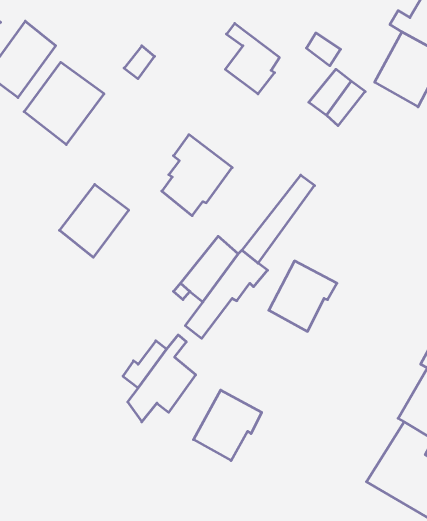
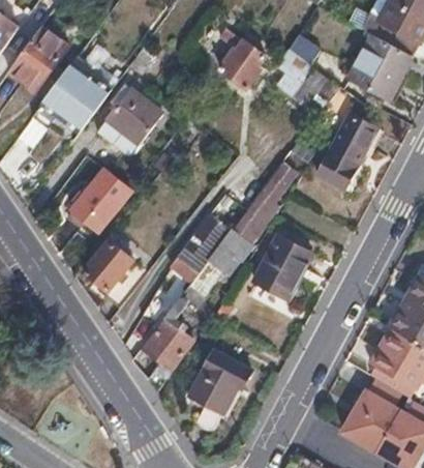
building: none -> [316,114,377,191]
building: [162,135,232,216] -> [98,84,160,155]
building: none -> [86,242,143,302]

